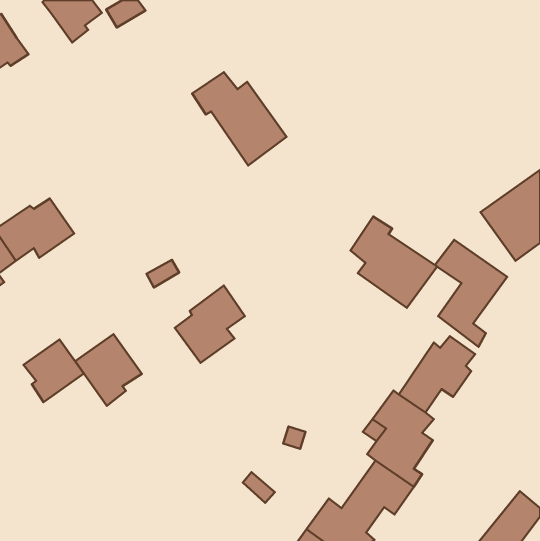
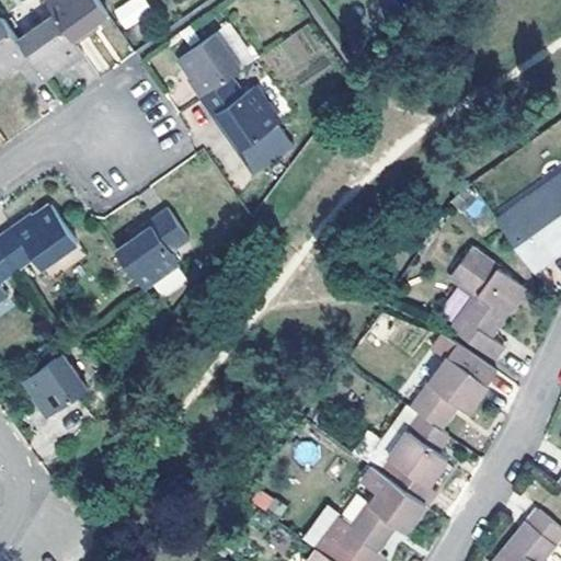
building: none -> [18,14,82,78]
building: none -> [178,33,241,98]
building: [350,217,437,308] -> none
building: [175,285,245,363] -> [116,207,188,287]
building: [75,334,142,406] -> none

